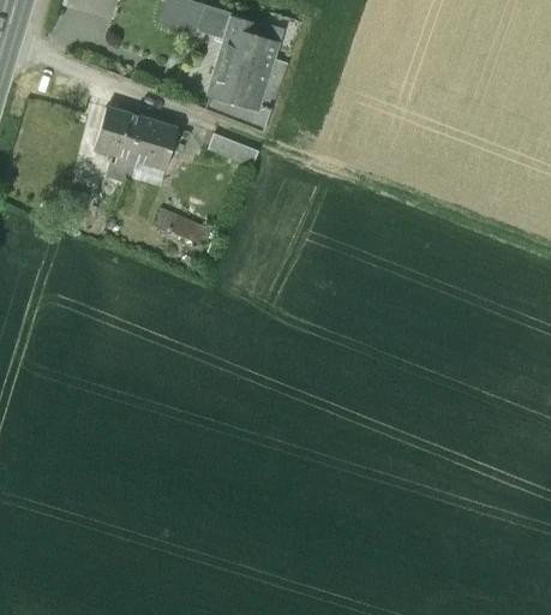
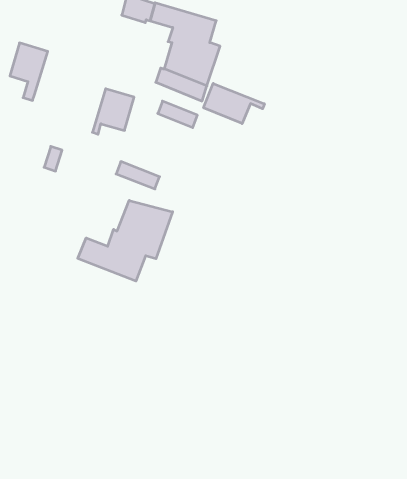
building: [91,105,139,178] -> [10,43,48,100]
building: none -> [204,83,264,124]
building: none -> [78,200,173,281]

